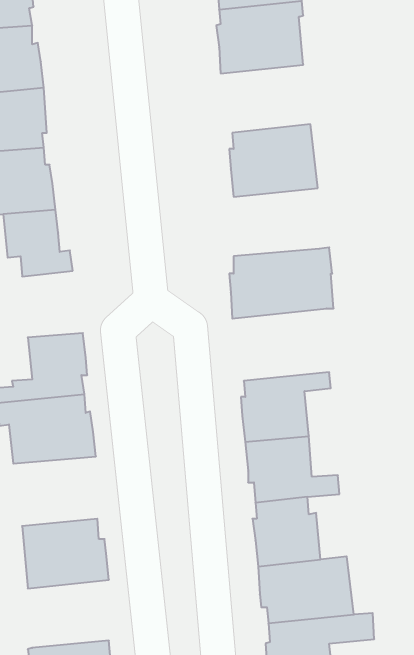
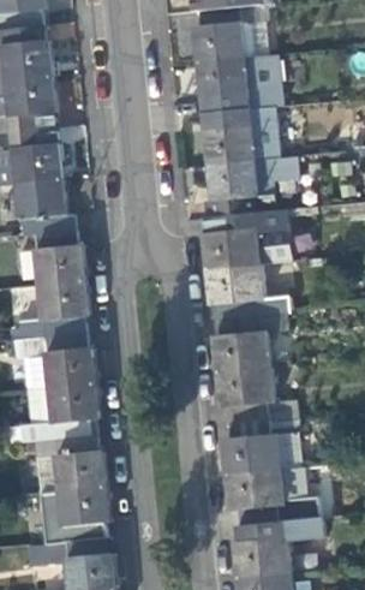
building: none -> [197,56,280,114]
building: none -> [205,157,303,216]
building: none -> [32,228,83,284]
building: none -> [207,260,291,320]
building: none -> [19,382,97,440]
building: none -> [269,413,301,467]
building: none -> [37,484,108,541]

